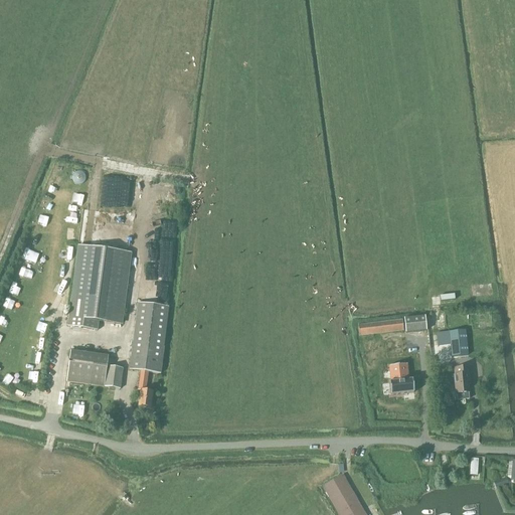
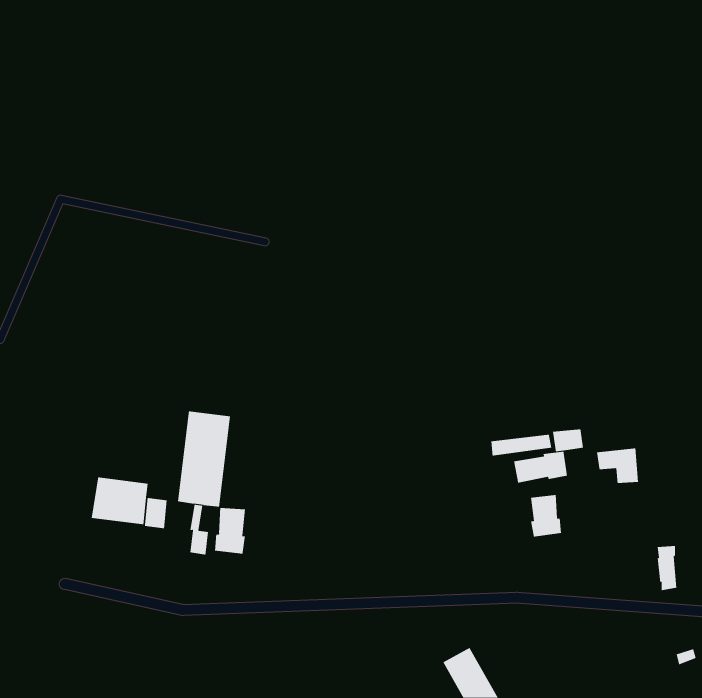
building: [68,243,130,328] -> none
building: none -> [513,451,568,483]
building: [455,365,470,398] -> [657,545,677,591]
building: none -> [215,507,246,555]

